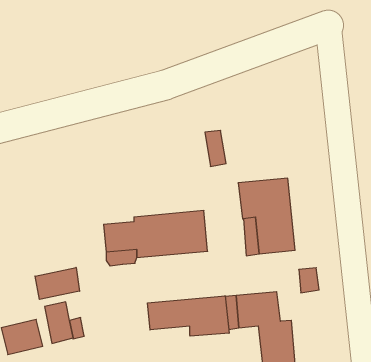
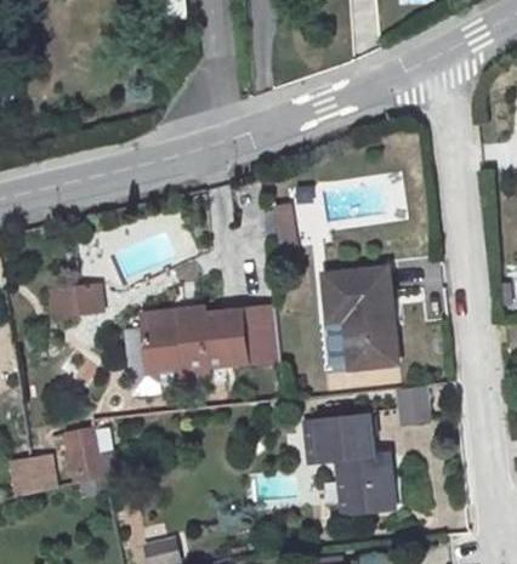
building: none -> [50,285,101,314]
building: [35,267,80,299] -> none
building: [148,296,229,336] -> none

